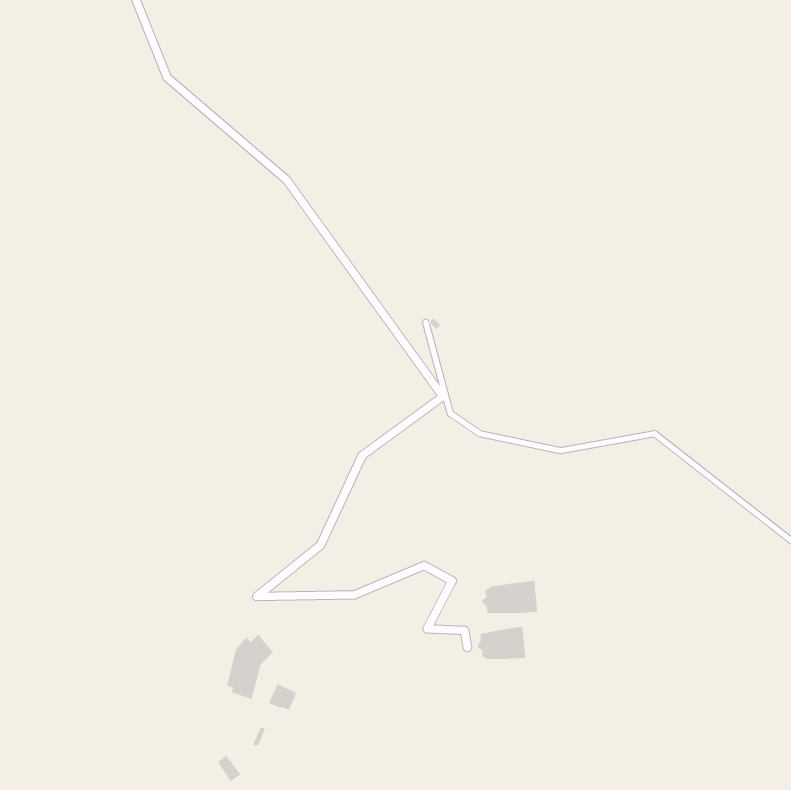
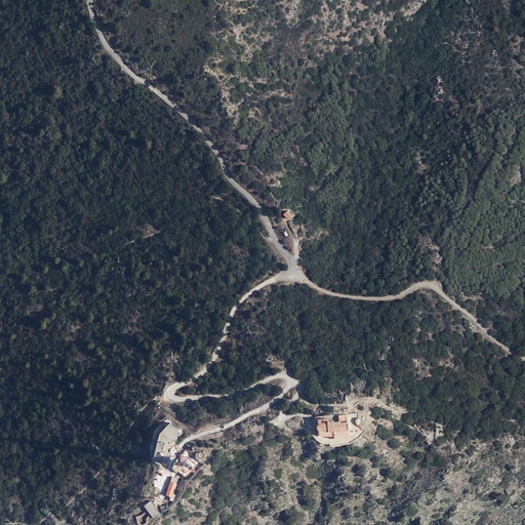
building: [481,580,538,614] -> none

